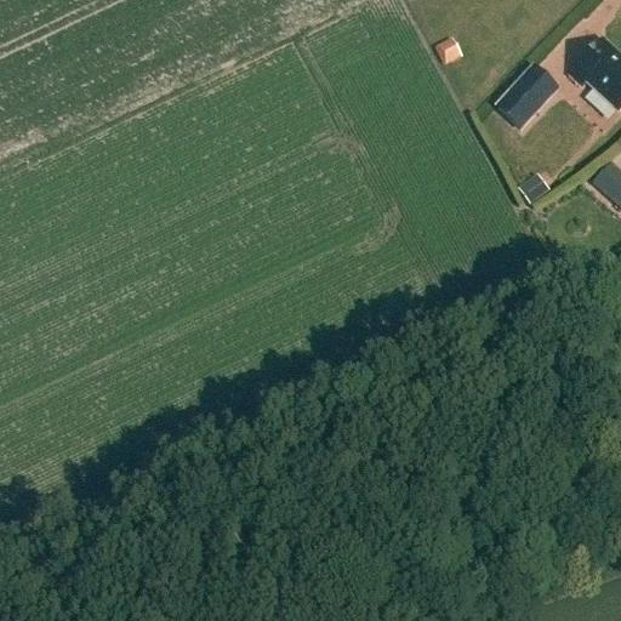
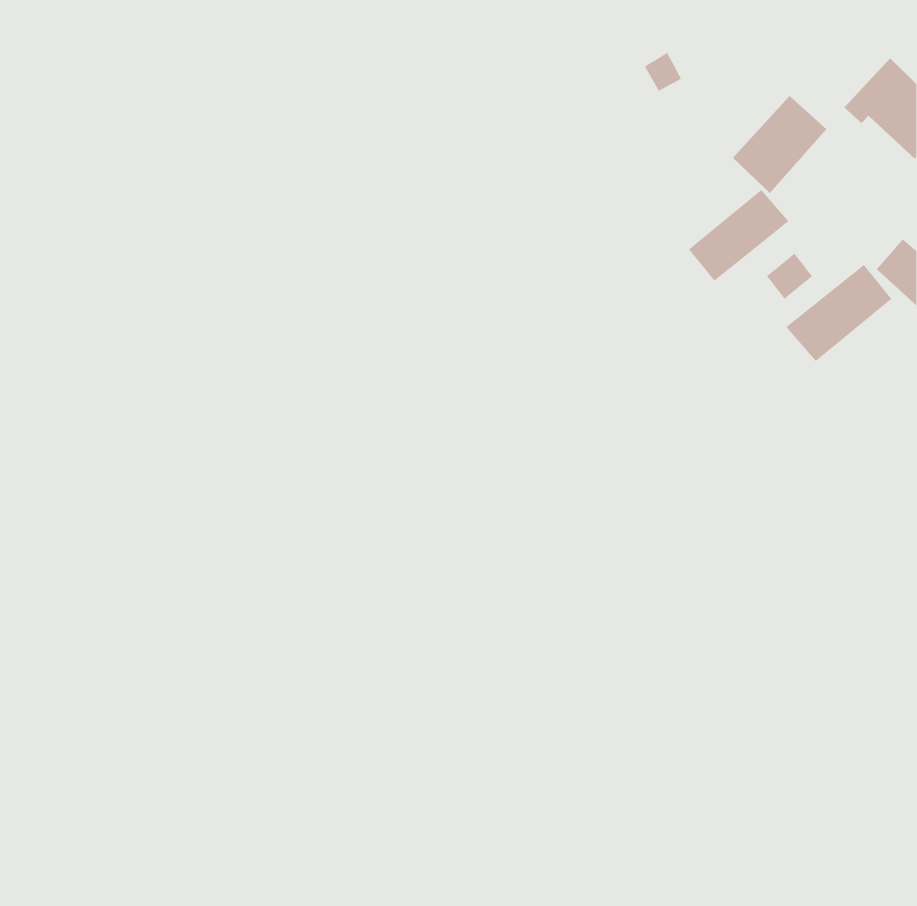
building: none -> [688,189,789,281]
building: none -> [785,264,892,362]

